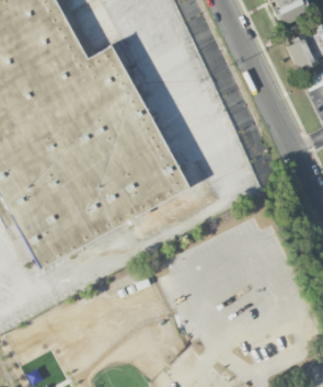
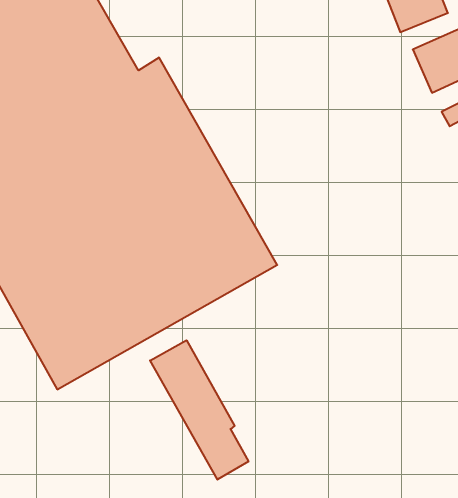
building: none -> [150,340,248,480]

